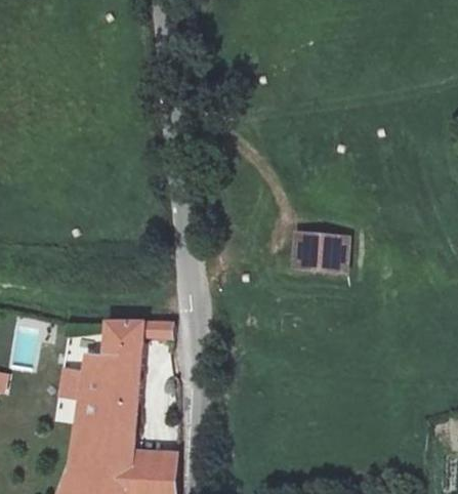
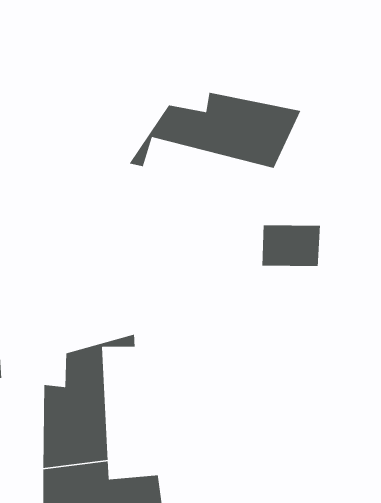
building: none -> [129,92,301,169]

